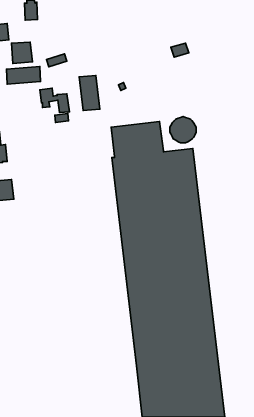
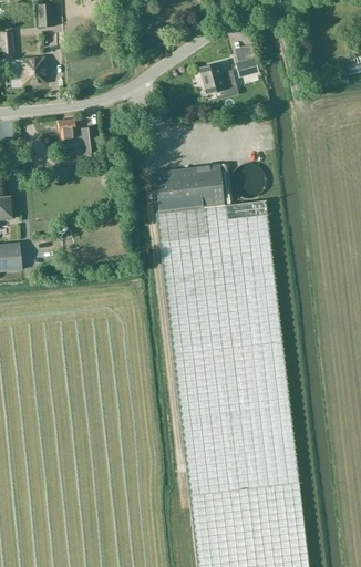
building: none -> [200,63,236,94]
building: [7,66,40,84] -> none
building: [79,76,100,110] -> none

